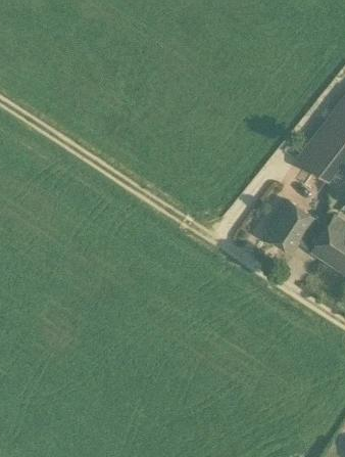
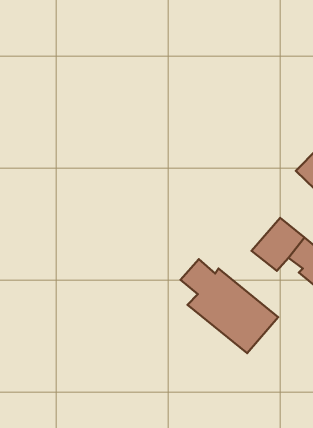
building: none -> [180,259,278,353]

